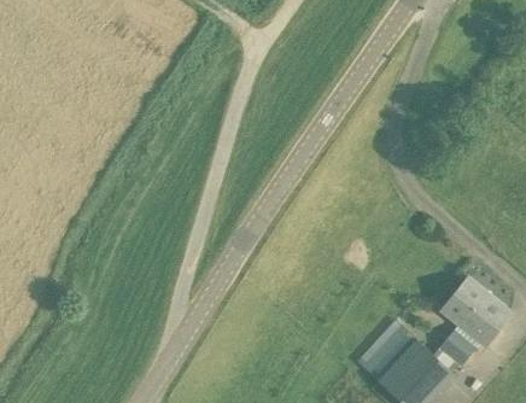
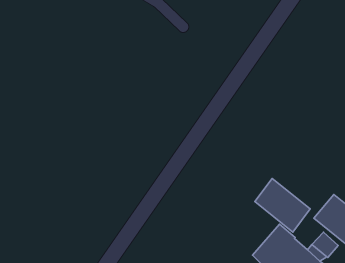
building: none -> [255,178,310,232]

